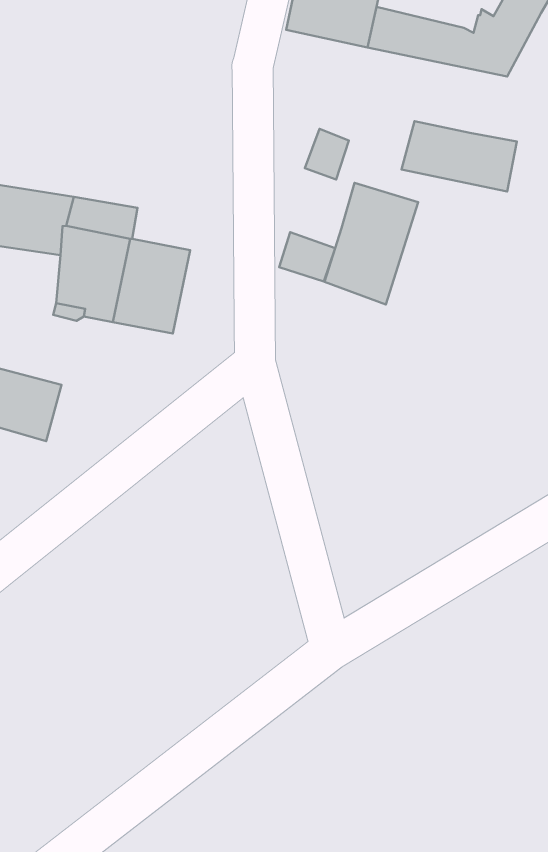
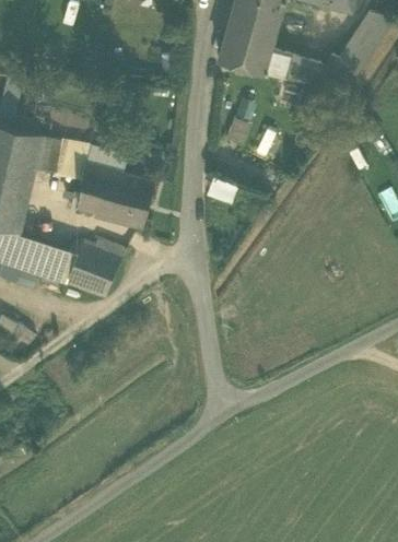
building: [402,121,517,192] -> none
building: [324,183,418,304] -> none
building: none -> [66,238,126,298]

